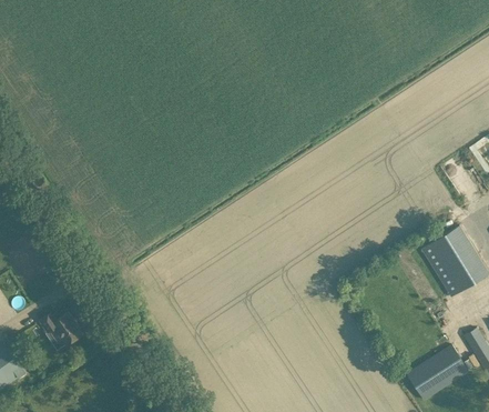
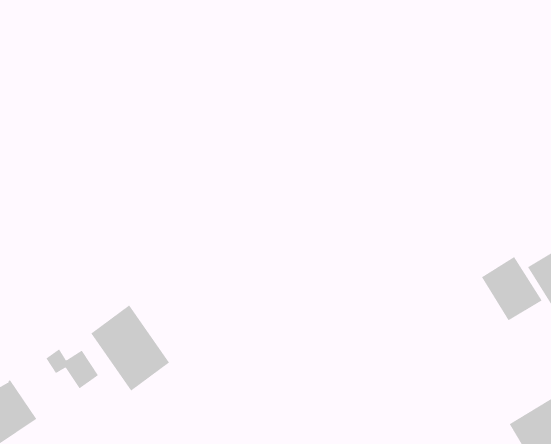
building: none -> [481,256,543,321]
building: none -> [90,305,170,391]

